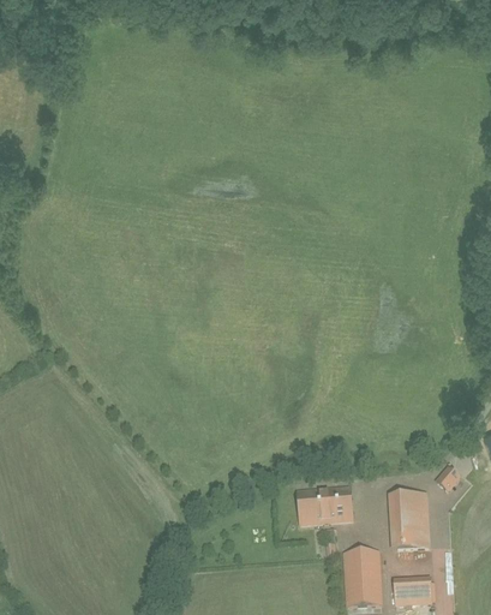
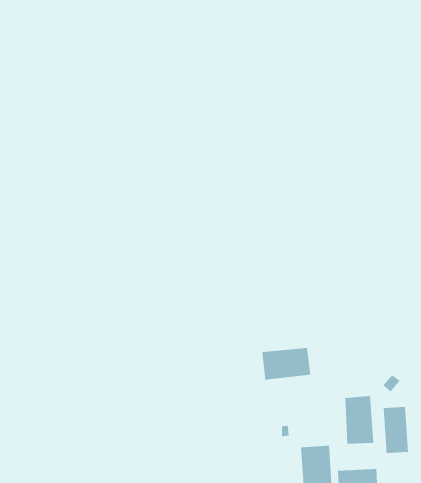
building: [295,488,352,525] -> [261,348,311,380]
building: none -> [383,406,409,454]

